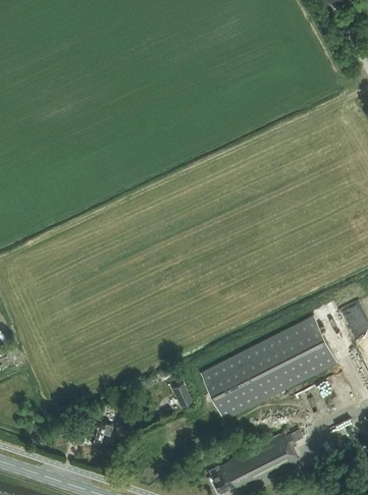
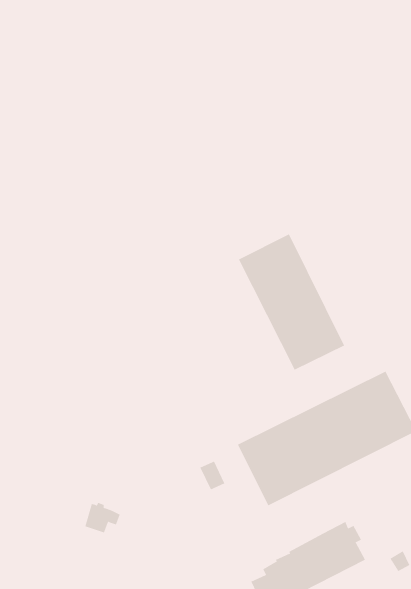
building: none -> [238,234,345,371]

